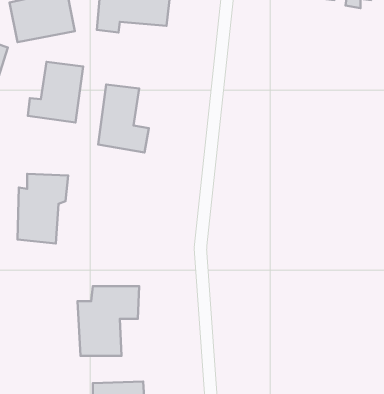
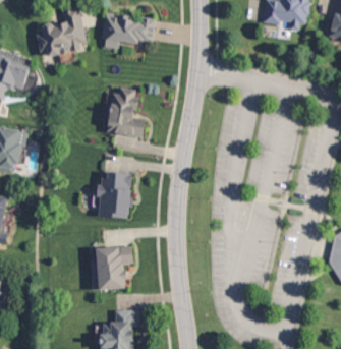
building: [28,62,83,123] -> none
building: [18,174,68,244] -> [96,168,133,220]

